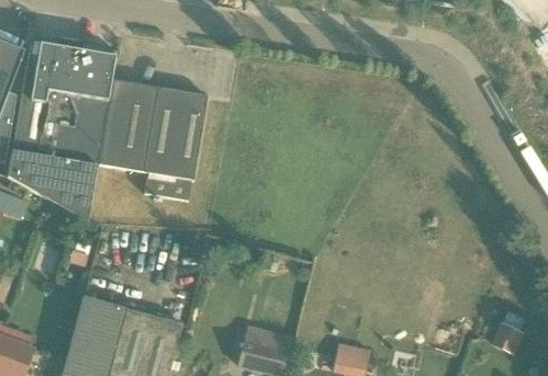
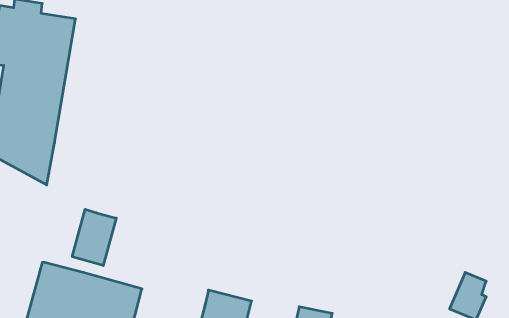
building: [99,79,208,198] -> none
building: none -> [72,209,116,266]

